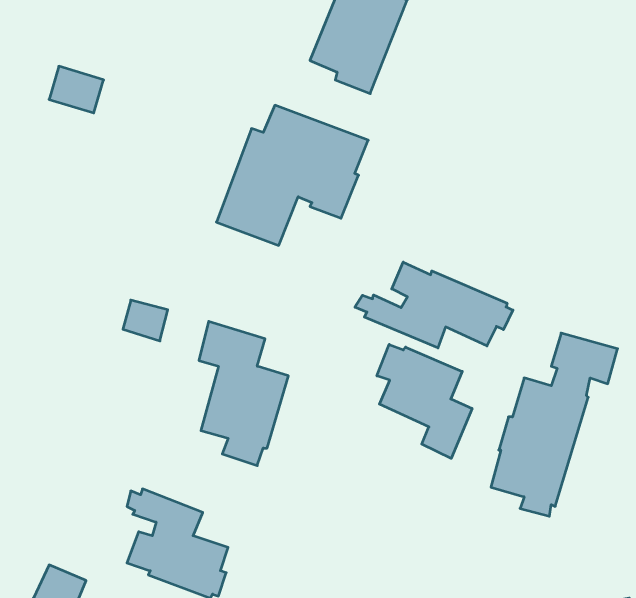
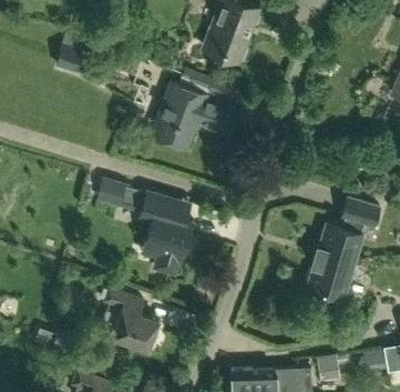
building: [355,262,513,348] -> none
building: [377,344,472,458] -> none

